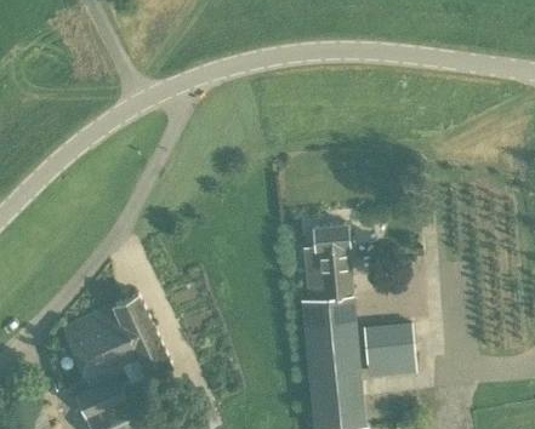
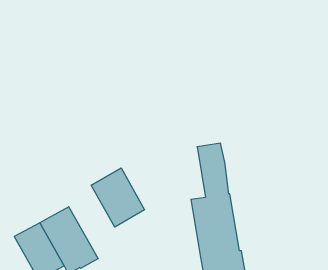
building: none -> [91,168,145,227]
building: [364,324,415,378] -> none

